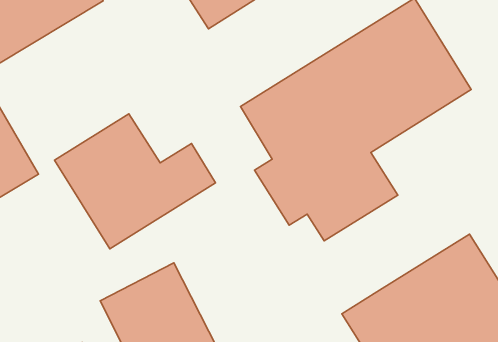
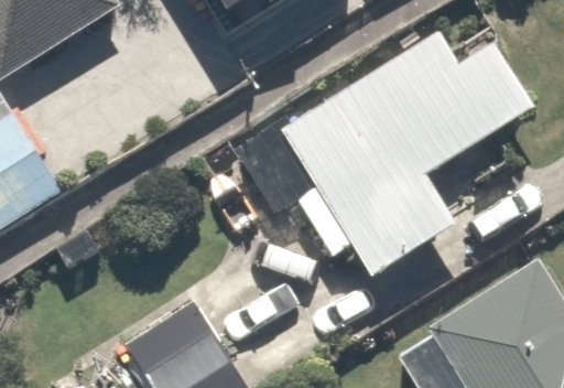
building: [54,114,216,249] -> none

